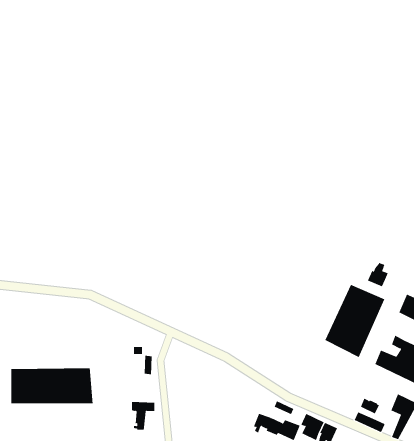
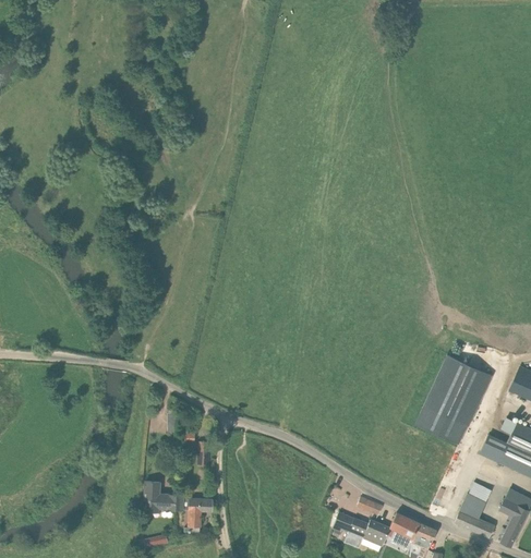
building: [367,262,388,287] -> none
building: [11,367,93,404] -> none
building: none -> [144,482,182,511]

